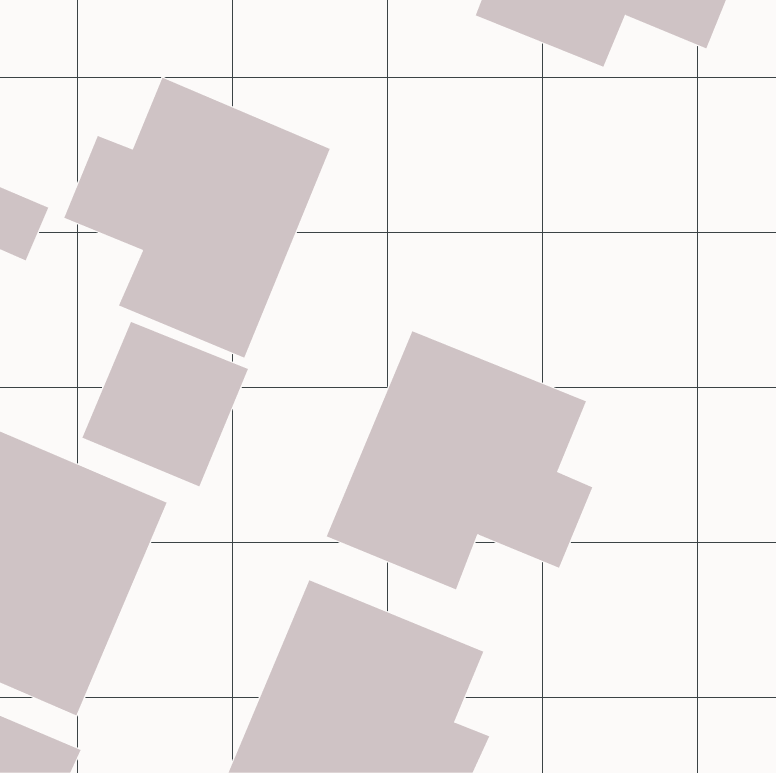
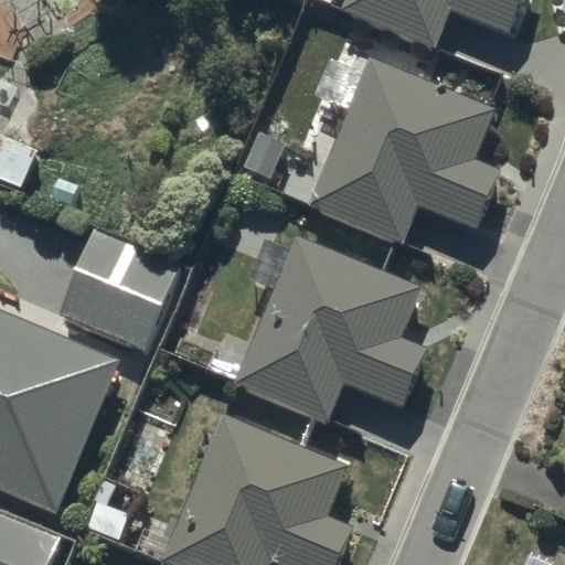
building: [63,77,331,358] -> none
building: none -> [308,58,499,245]

